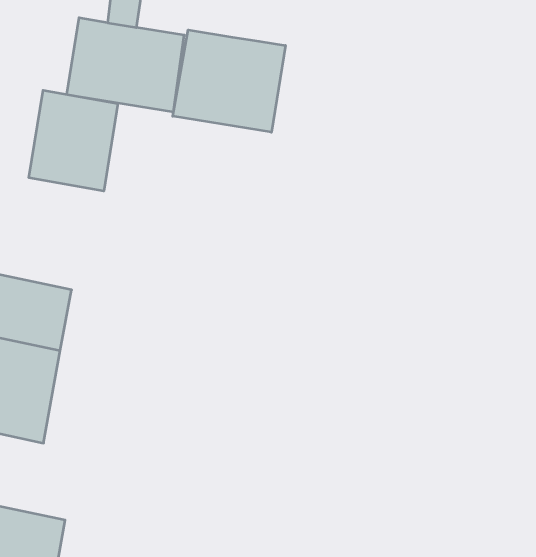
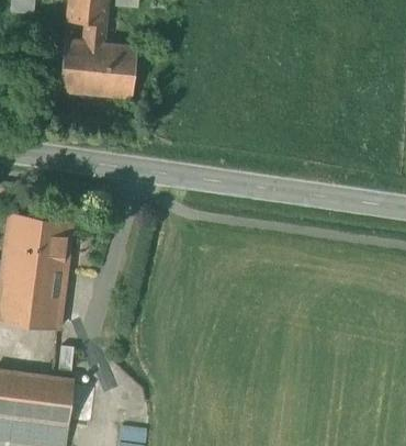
building: [173,30,285,132] -> none
building: [29,90,118,191] -> none

